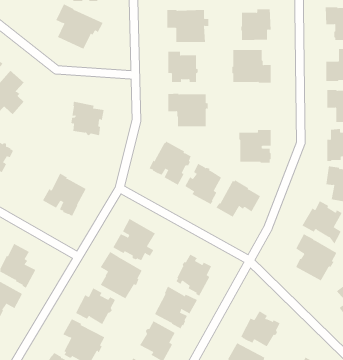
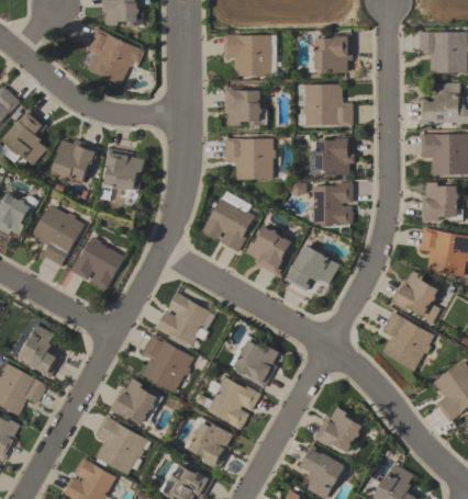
building: none -> [311,137,355,175]
building: none -> [52,140,100,182]
building: none -> [31,205,85,265]

